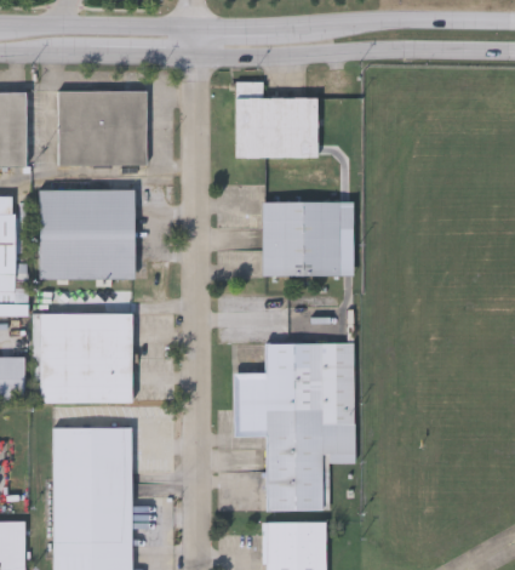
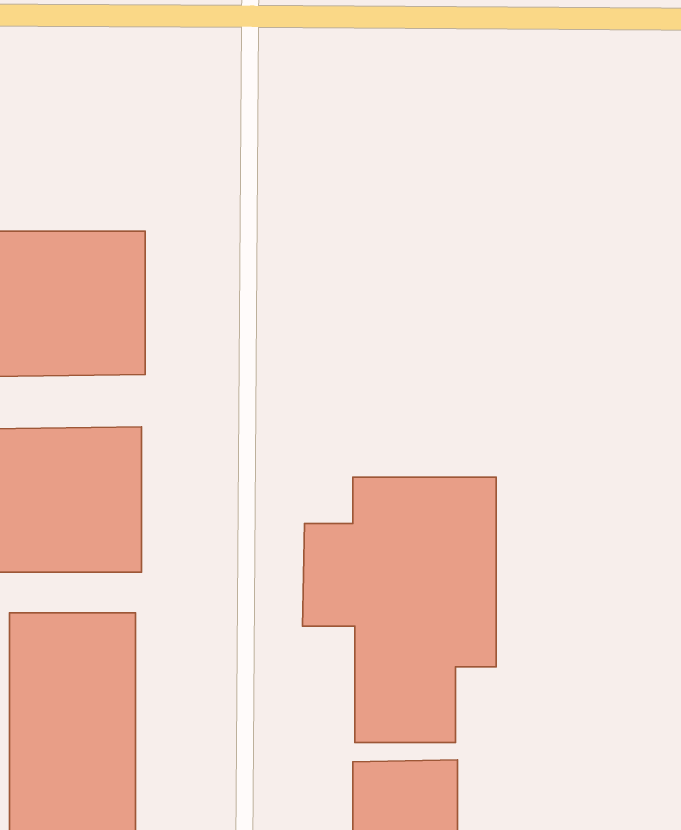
building: [238,81,319,159] -> none
building: [53,92,145,166] -> none
building: [263,201,342,278] -> none

